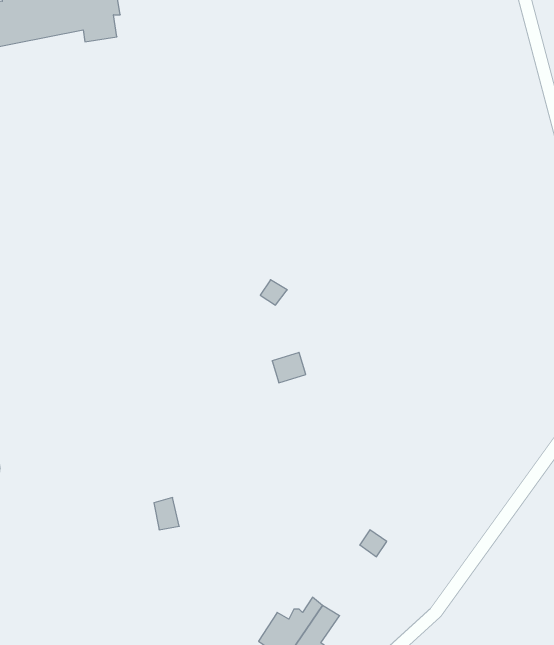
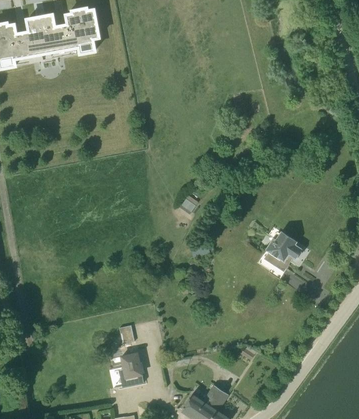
building: none -> [264,230,302,271]
building: none -> [119,352,143,386]

